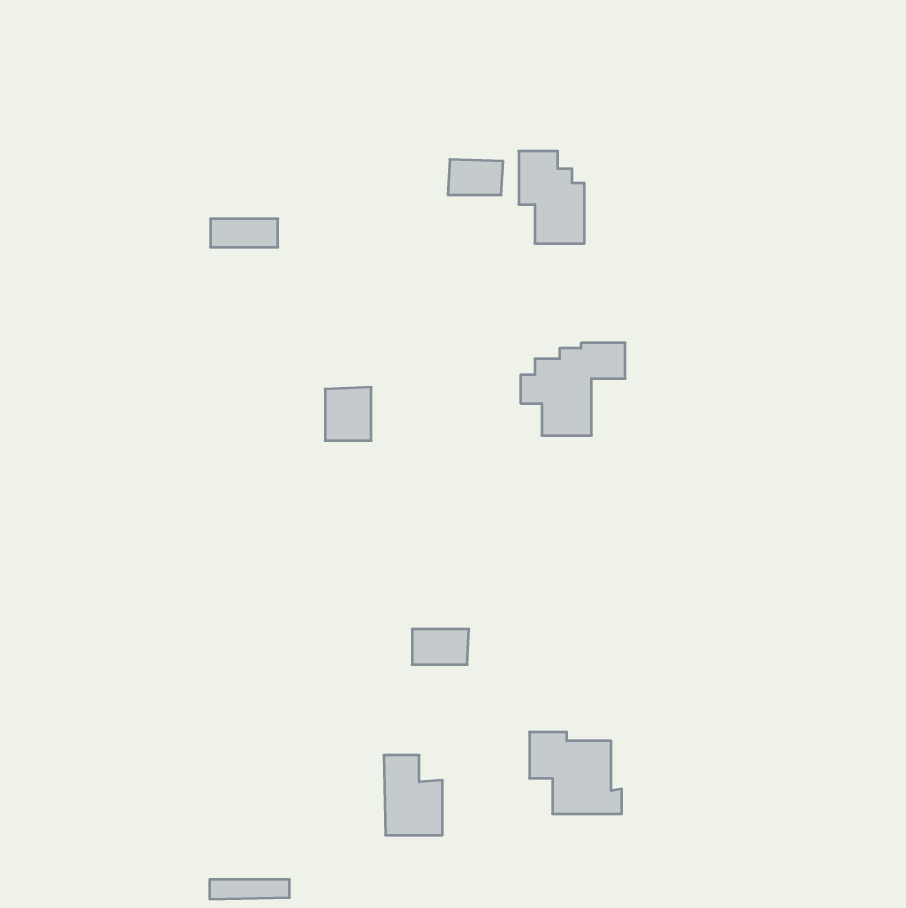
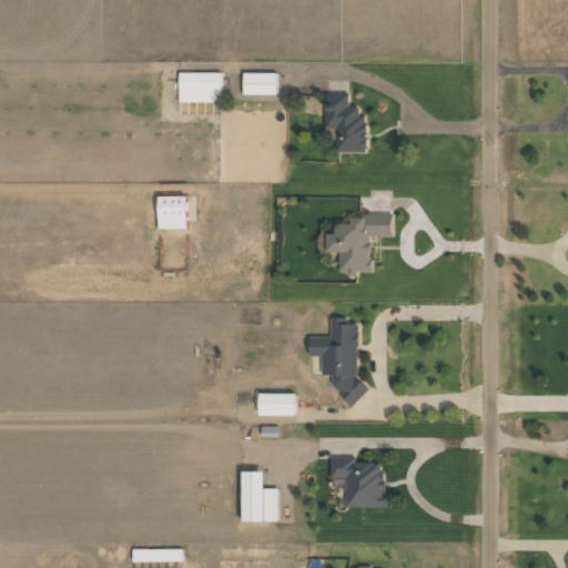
building: [448,159,503,195] -> [241,72,275,94]
building: [210,219,278,247] -> [178,72,220,90]
building: [325,387,371,441] -> [156,195,185,229]
building: none -> [307,318,358,403]

